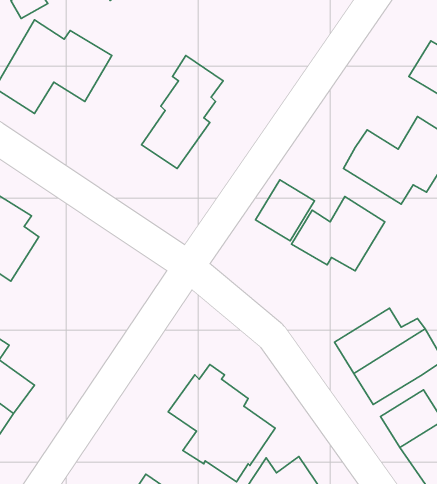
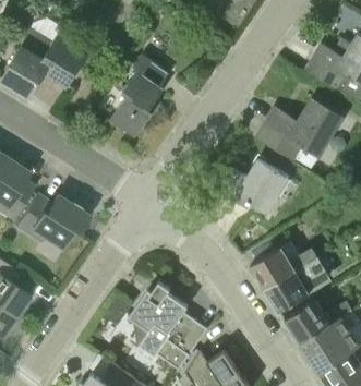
building: [255,180,314,241] -> none
building: none -> [14,194,86,249]

